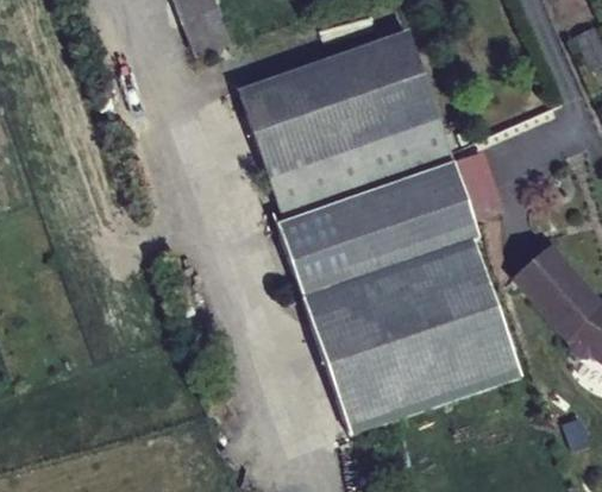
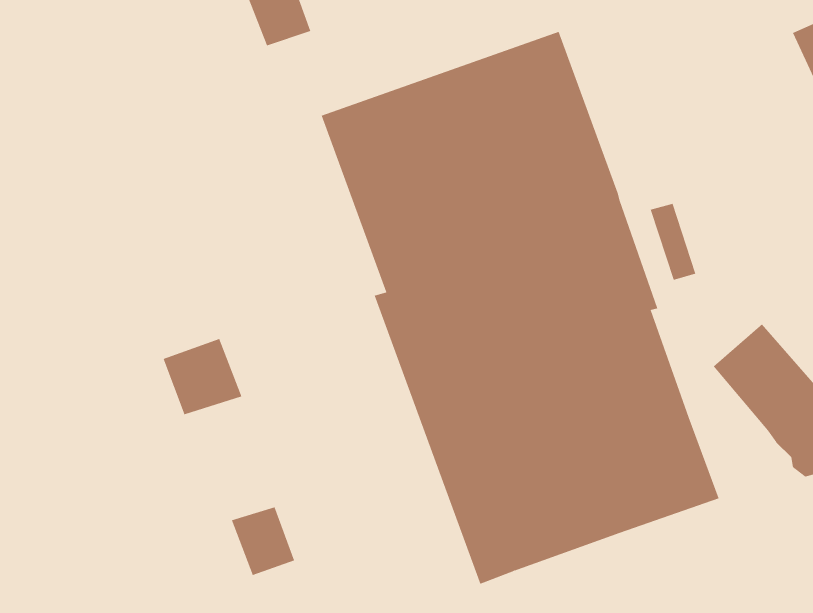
building: none -> [163,338,242,415]
building: none -> [231,506,295,576]

